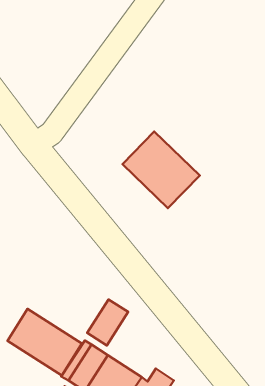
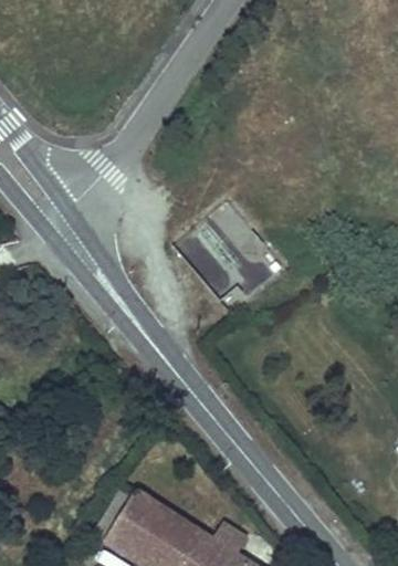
building: [87,299,128,345] -> none
building: [8,309,82,375] -> none

